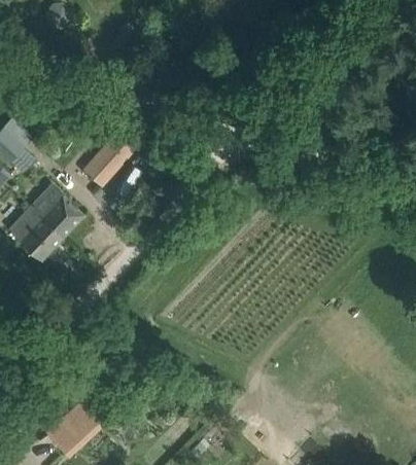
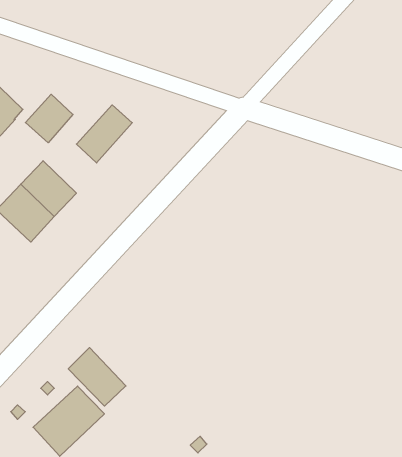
building: none -> [25,94,73,143]
building: none -> [68,348,126,406]

